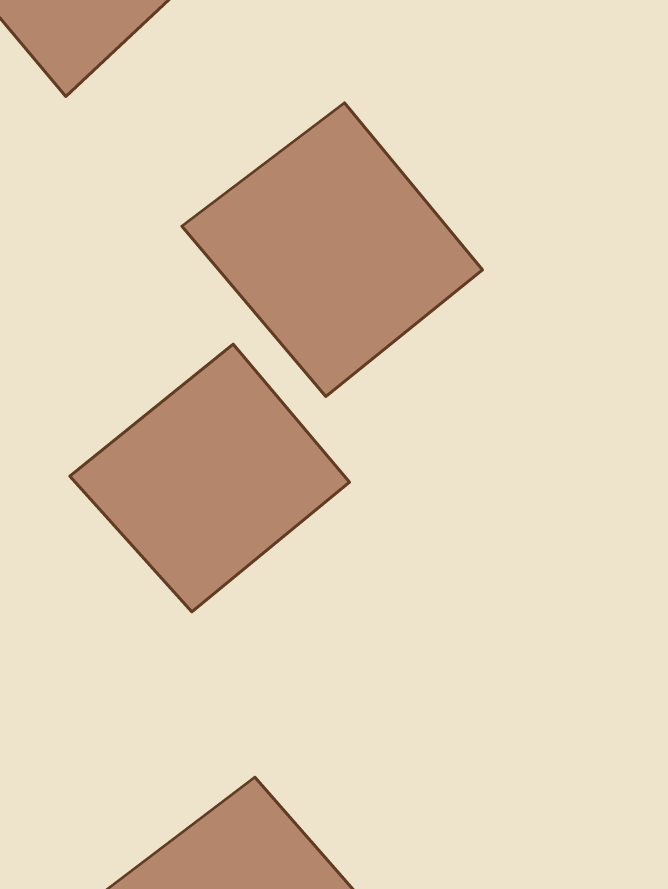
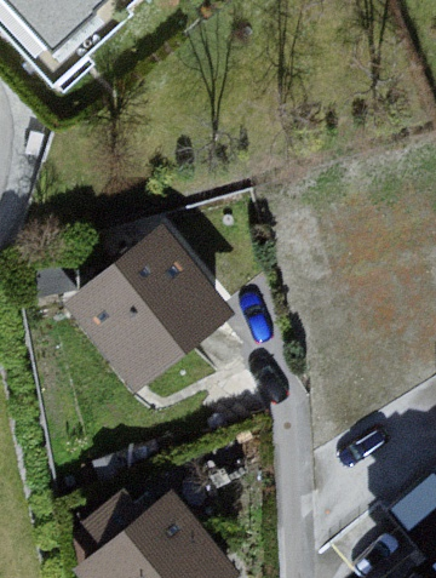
building: [182,103,483,397] -> none

